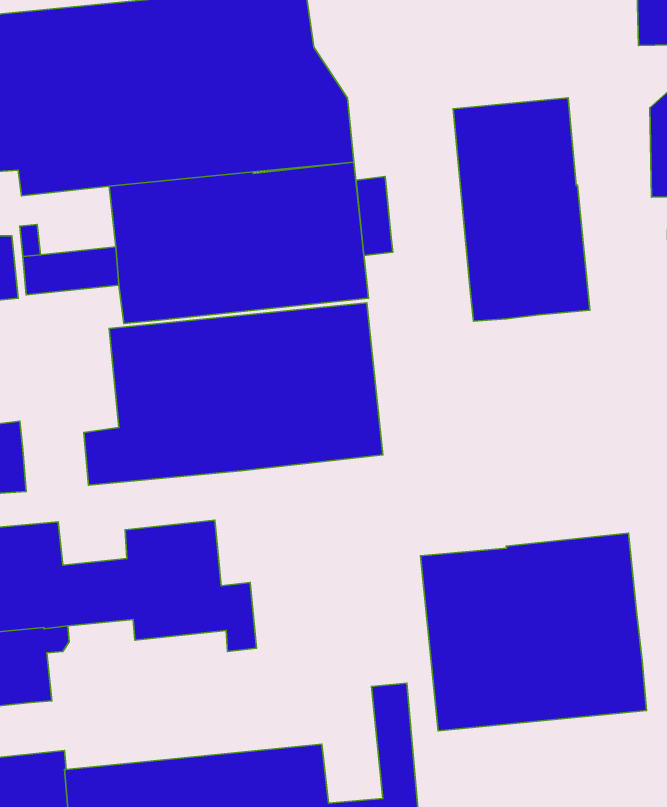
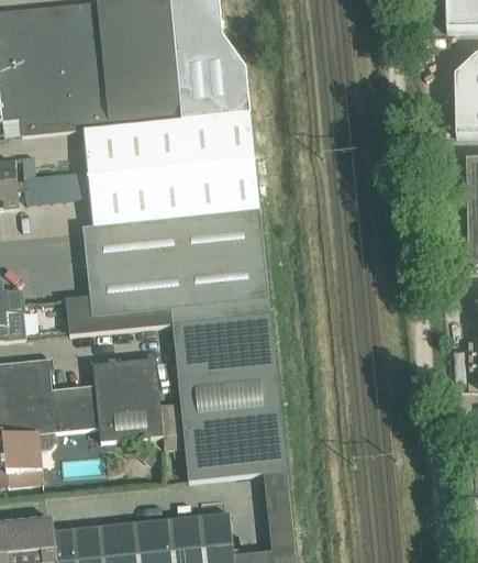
building: [453,98,590,321] -> none
building: [356,177,393,256] -> none
building: none -> [174,313,288,481]
building: [420,533,647,731] -> none

